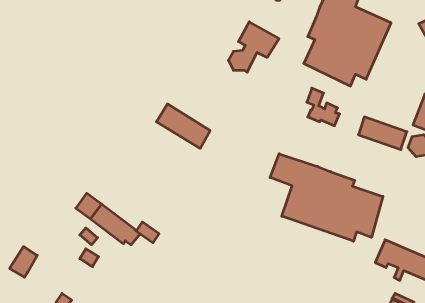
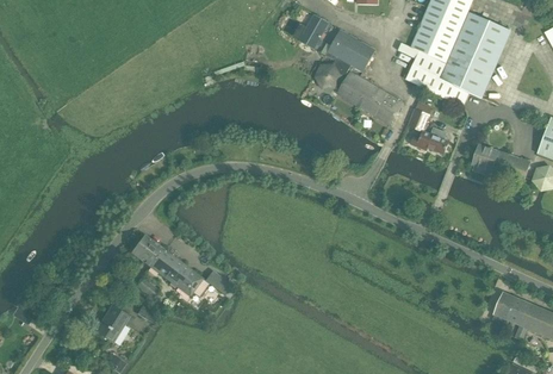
building: none -> [297,14,329,50]
building: [156,104,210,148] -> [336,71,400,125]
building: [270,154,383,241] -> none
building: [10,247,37,277] -> [94,306,128,343]

